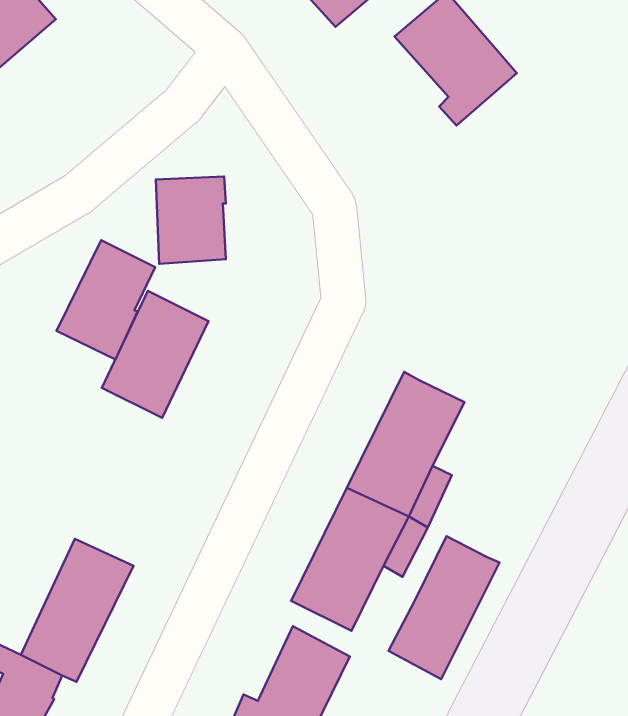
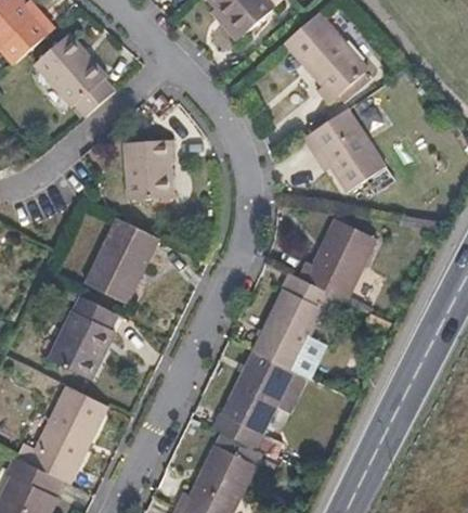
building: none -> [32,37,114,117]
building: none -> [301,108,385,193]
building: [57,240,155,359] -> [48,295,115,376]
building: none -> [300,221,377,300]
building: [389,536,500,679] -> none

